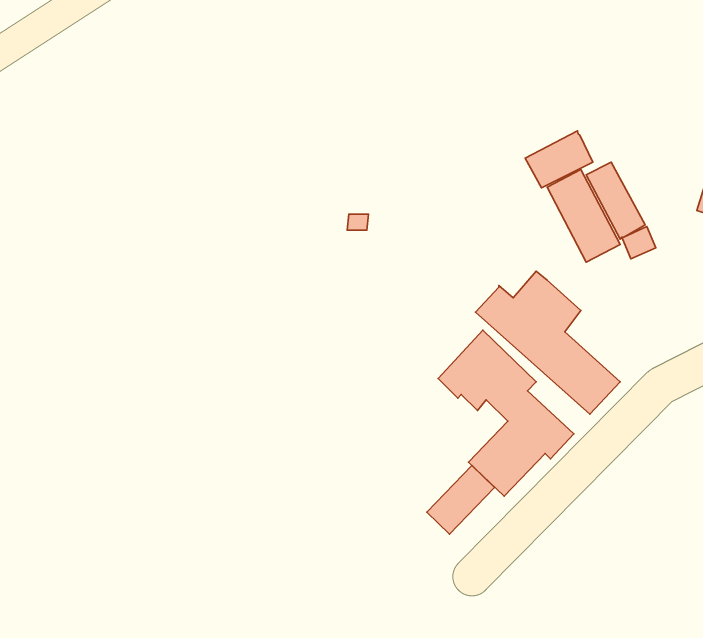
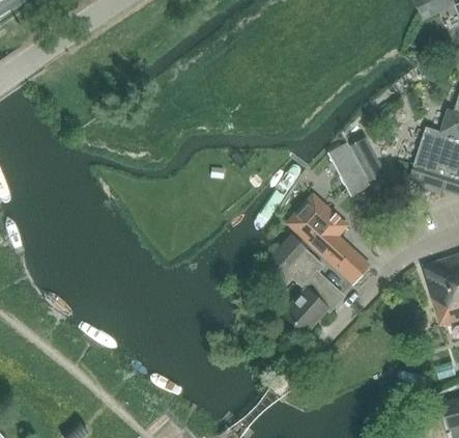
building: [525,131,593,188] -> none
building: [427,466,495,534] -> none

